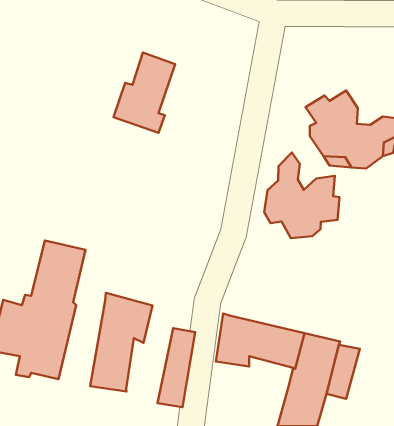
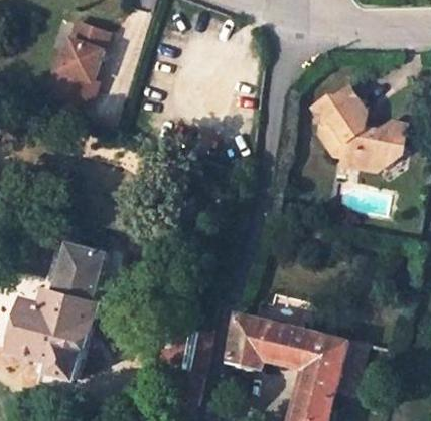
building: [114,53,175,133] -> [45,21,105,98]
building: [264,153,339,238] -> none
building: [90,293,152,392] -> none

